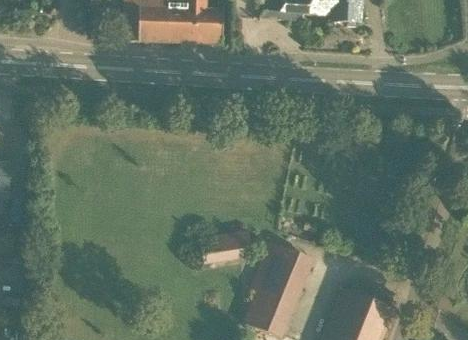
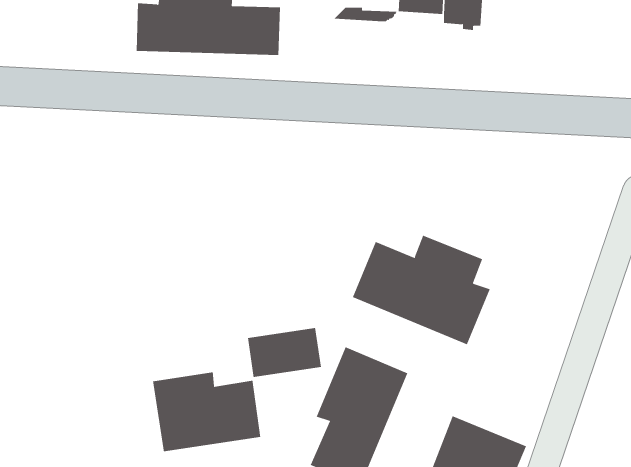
building: none -> [352,235,491,345]
building: none -> [153,372,261,452]

